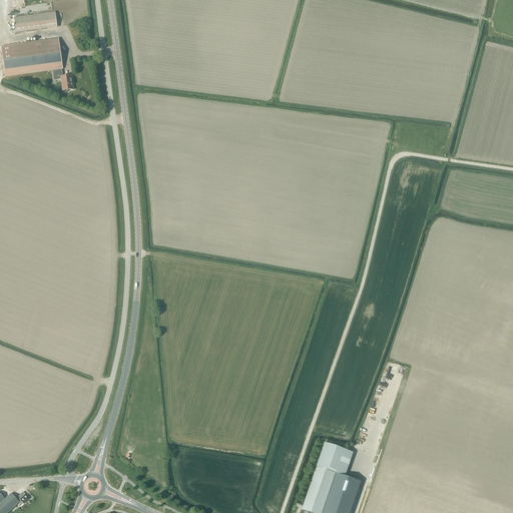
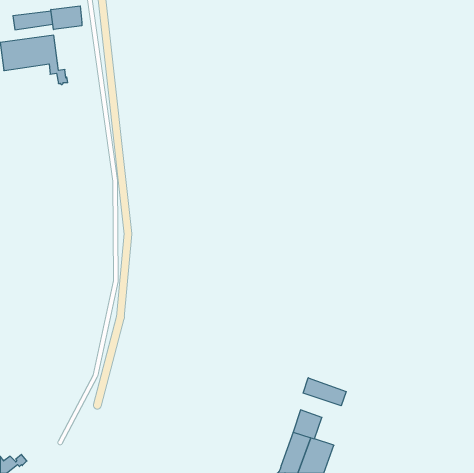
building: none -> [51,6,82,30]
building: none -> [303,378,346,406]

